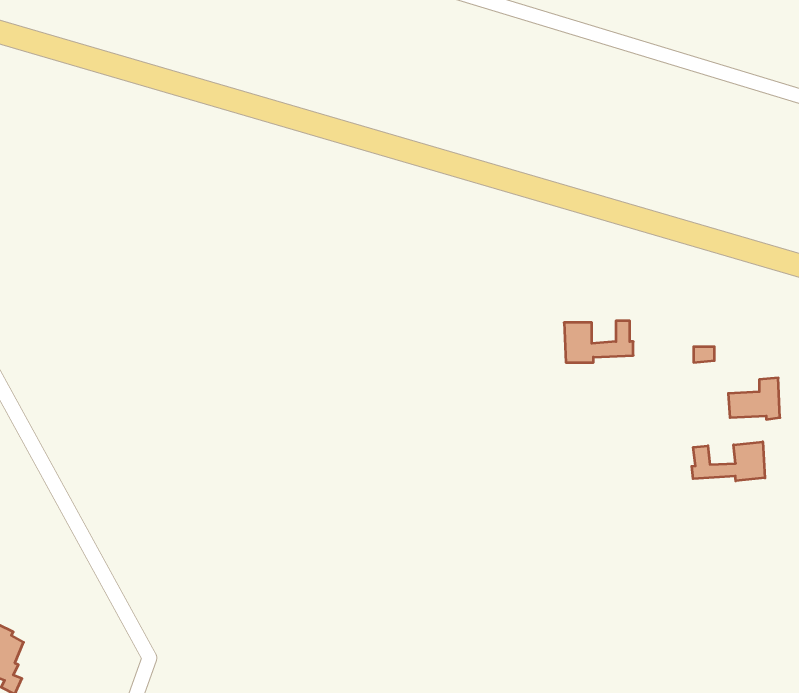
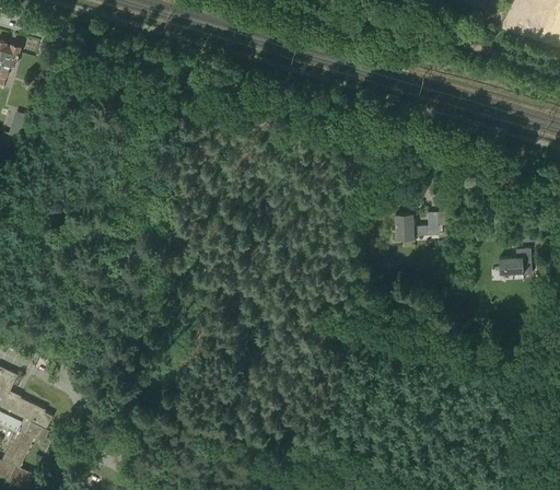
building: [692,442,765,481] -> none

